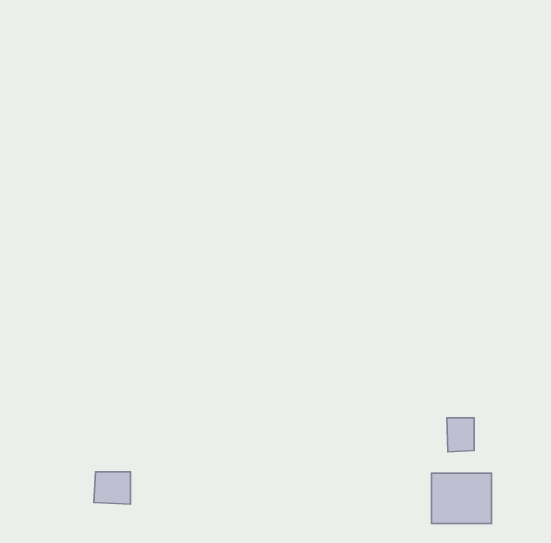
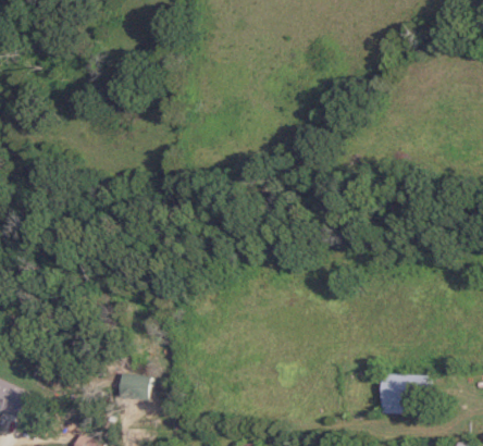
building: [447,418,474,452] -> none

